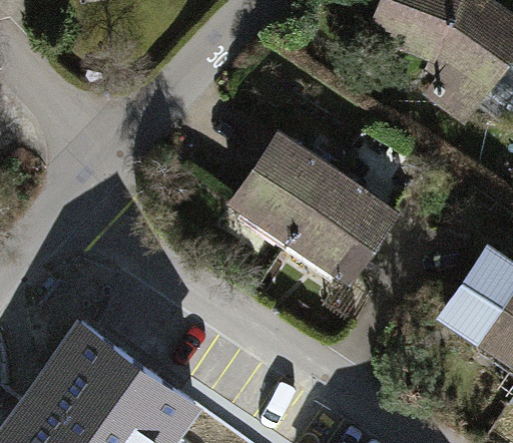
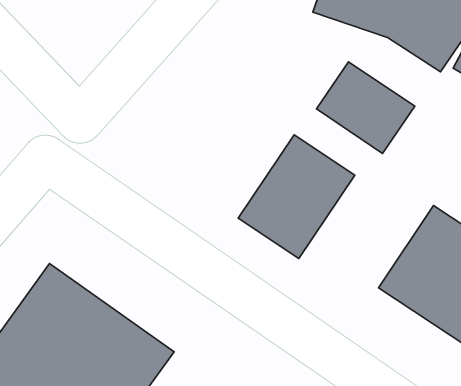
building: none -> [316,62,415,153]
building: [221,130,342,258] -> none

